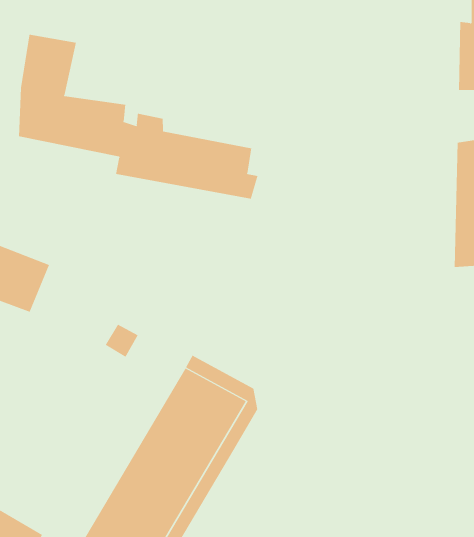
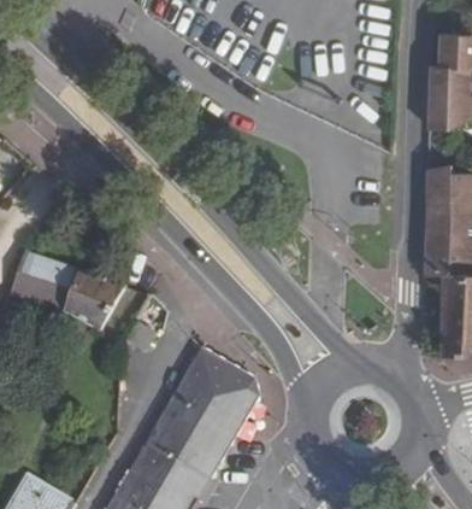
building: [19,34,258,199] -> none
building: none -> [63,271,124,327]

